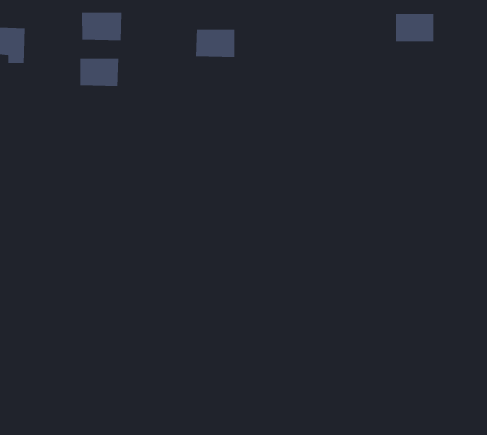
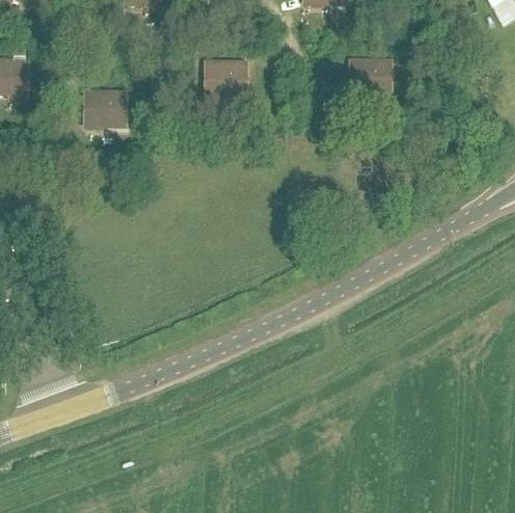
building: [81,12,122,41] -> none
building: [395,13,434,42] -> [350,59,390,89]

